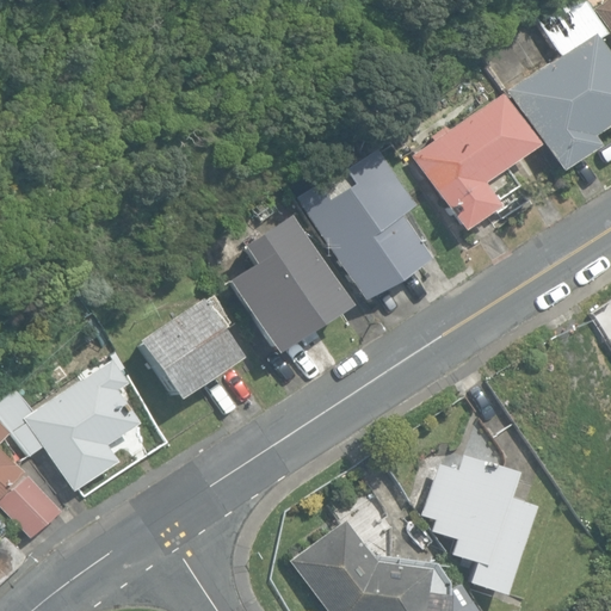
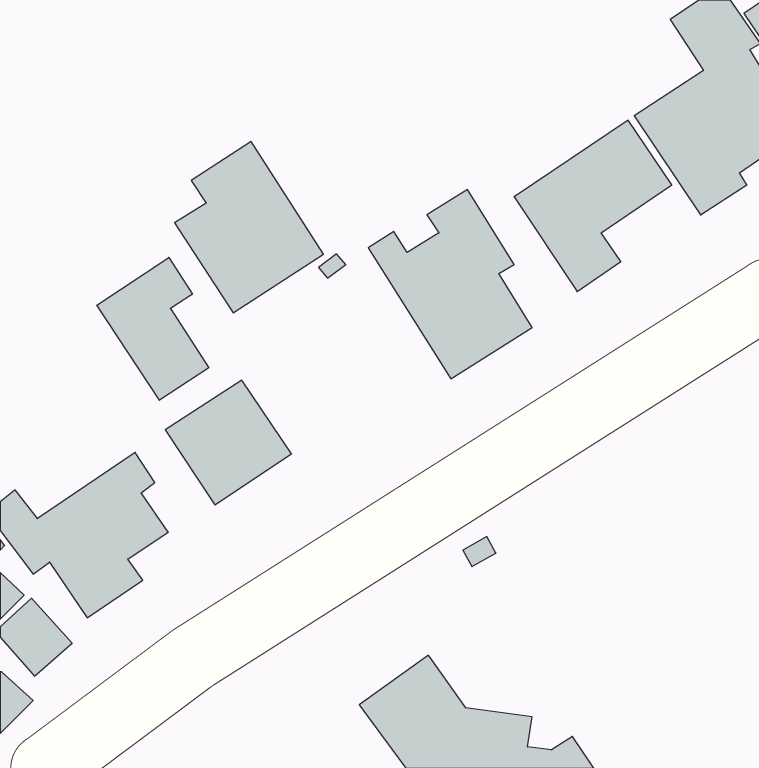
building: none -> [97,257,209,400]
building: [230,217,348,353] -> [175,142,323,313]
building: [424,453,536,595] -> none

